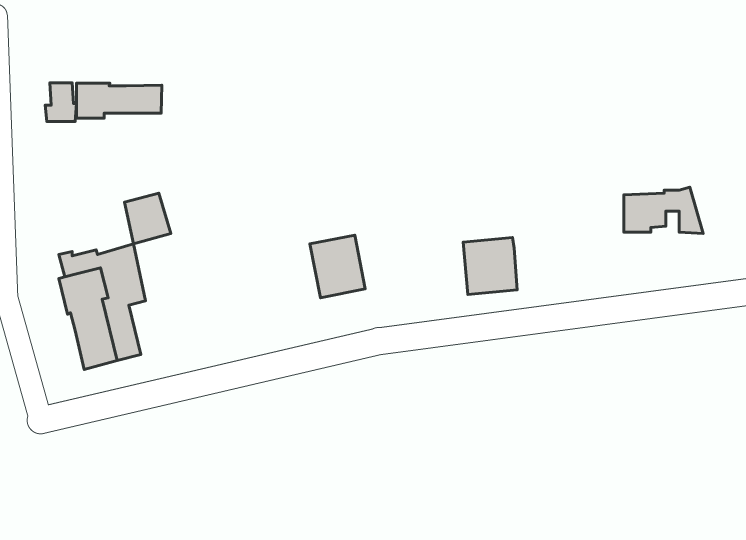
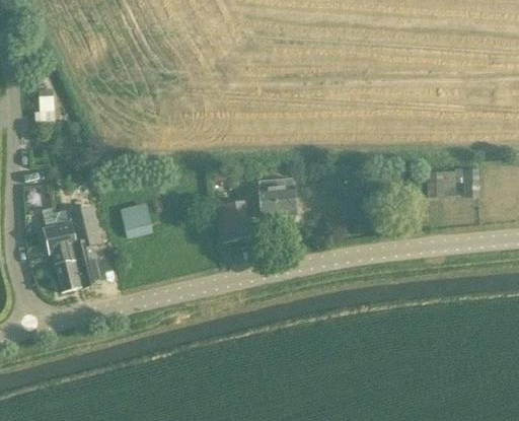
building: [77,83,162,118] -> none
building: [124,193,171,244] -> [121,203,152,237]
building: [463,238,517,294] -> [258,179,295,217]

